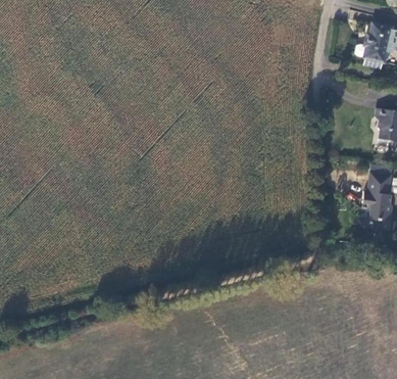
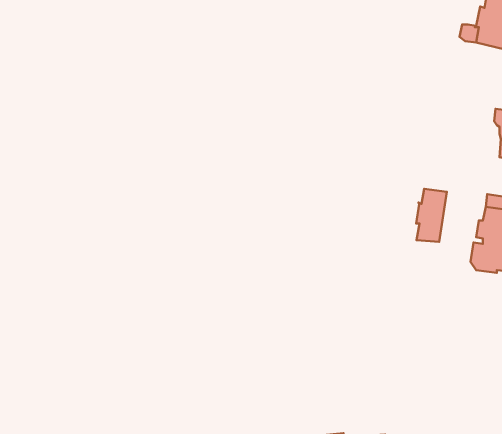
building: none -> [416,189,447,242]

